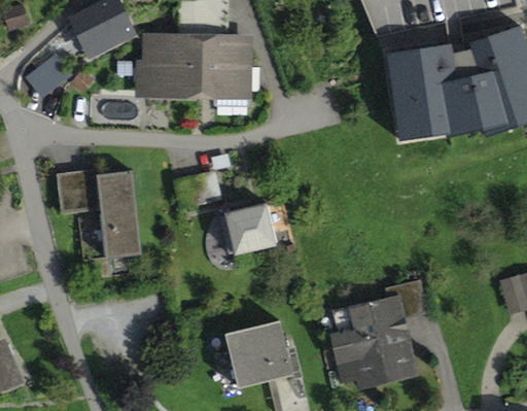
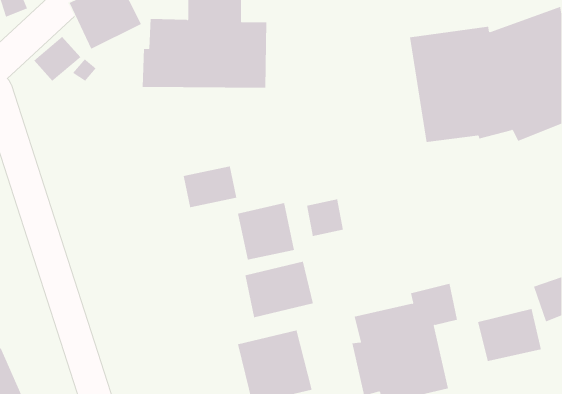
building: [57,168,142,259] -> none
building: none -> [306,199,343,237]
building: none -> [245,261,314,318]
building: none -> [478,308,542,362]

